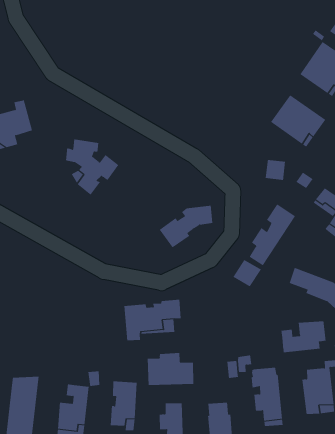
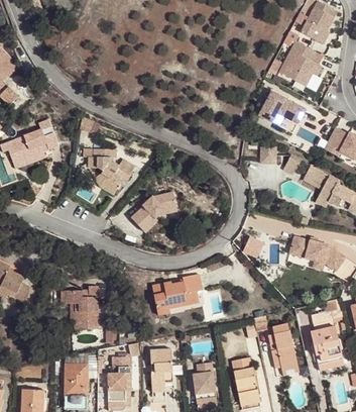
building: [249,203,296,266] -> none
building: [159,205,213,248] -> [131,192,176,232]
building: none -> [67,287,98,329]
building: [281,321,326,353] -> none
building: [147,352,194,386] -> none

